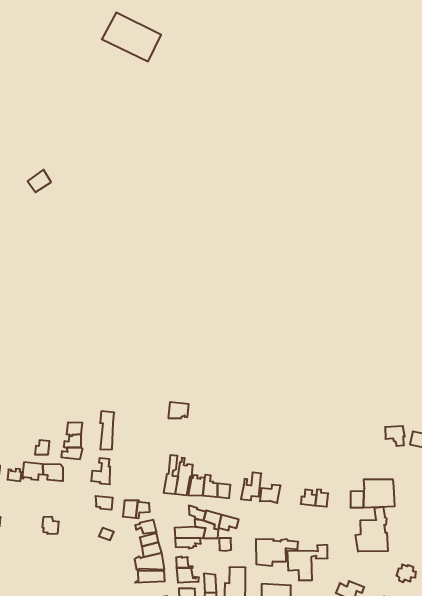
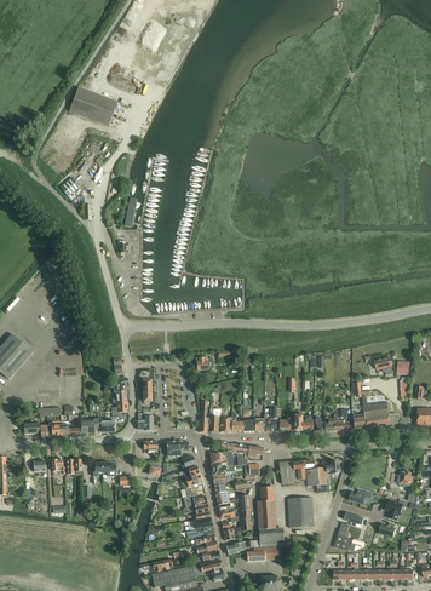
building: [102,12,161,61] -> [69,87,117,125]
building: [356,507,388,552] -> none

